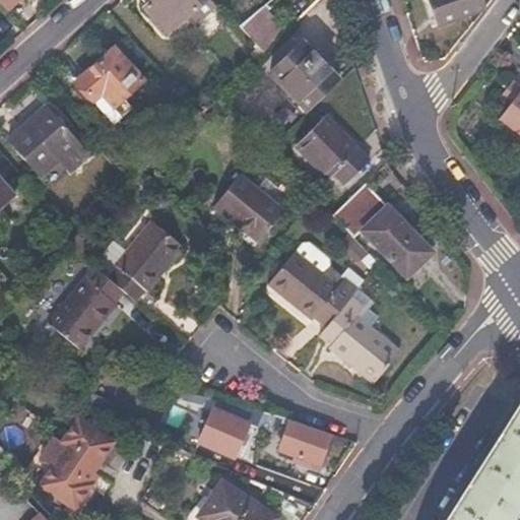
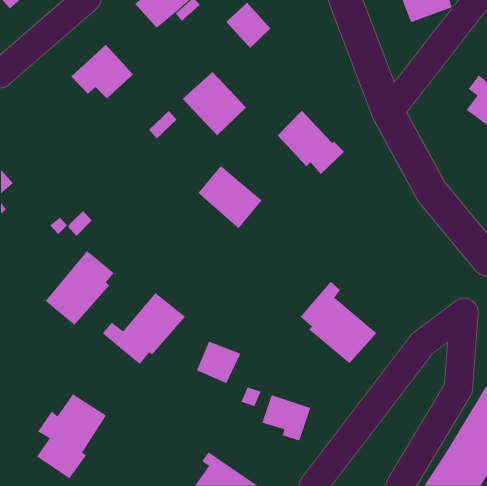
building: [269,43,338,112] -> [182,71,247,136]
building: [9,106,90,174] -> none
building: [331,185,431,276] -> none
building: [93,222,183,300] -> [102,292,186,365]
building: [269,253,359,327] -> none
building: [200,411,248,457] -> [196,341,241,384]

